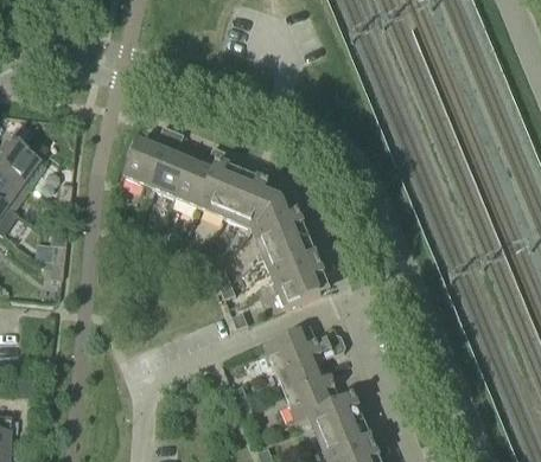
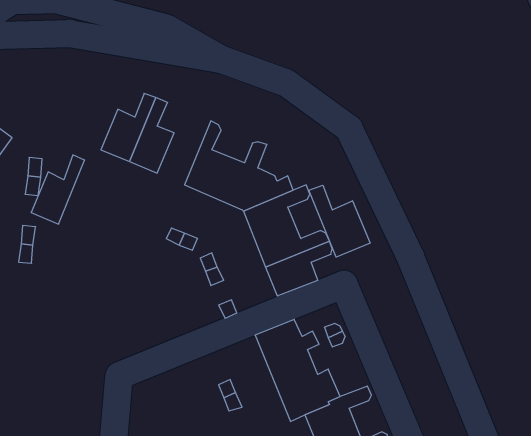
building: [176,143,224,206] -> [31,155,85,224]
building: none -> [309,185,370,257]

